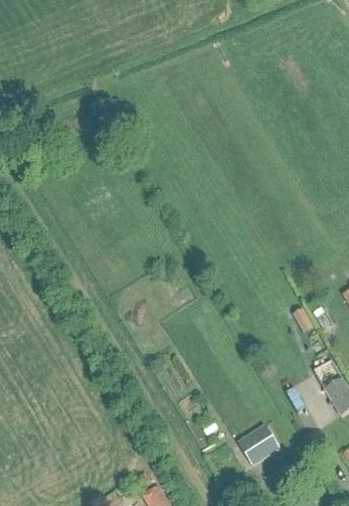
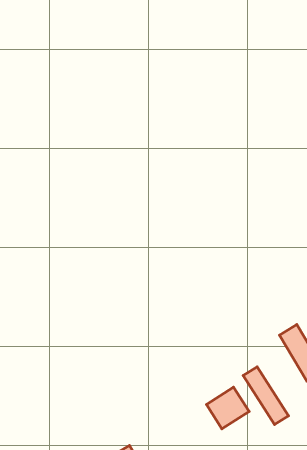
building: none -> [243,367,288,424]

